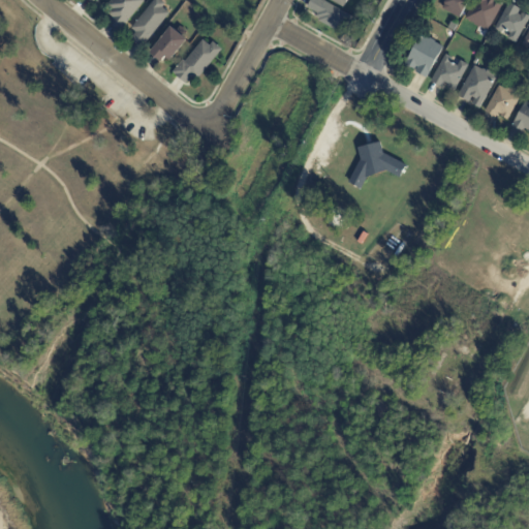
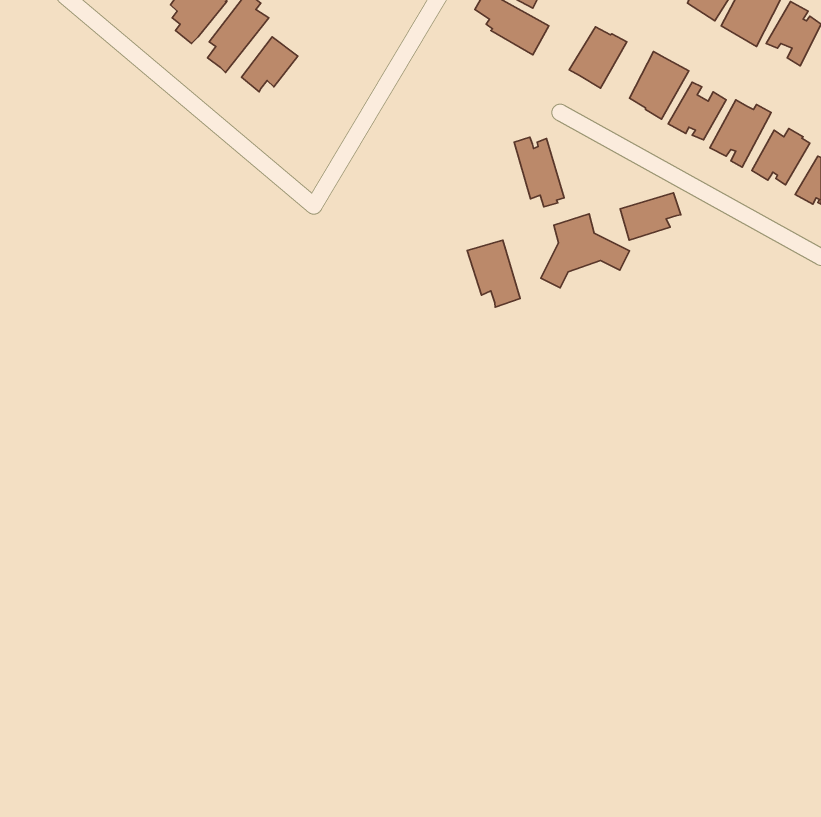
building: none -> [569,27,627,88]
building: [176,38,225,83] -> none
building: none -> [514,137,564,207]
building: none -> [620,193,681,240]
building: none -> [467,240,520,307]

